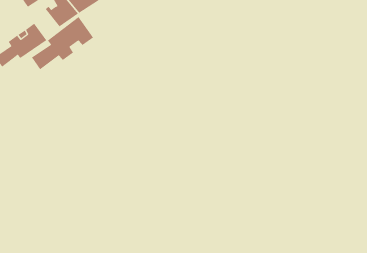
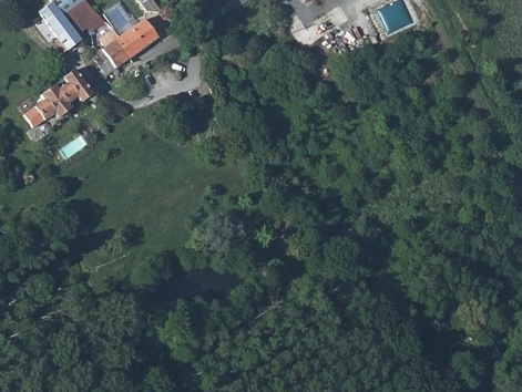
building: [31,16,94,70] -> none

